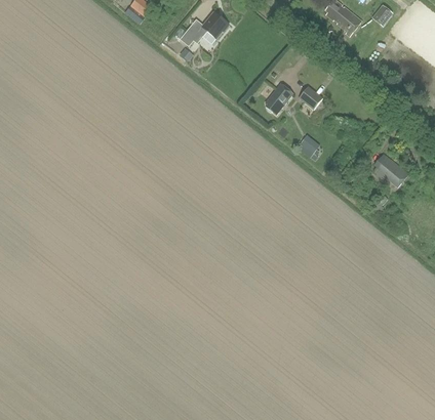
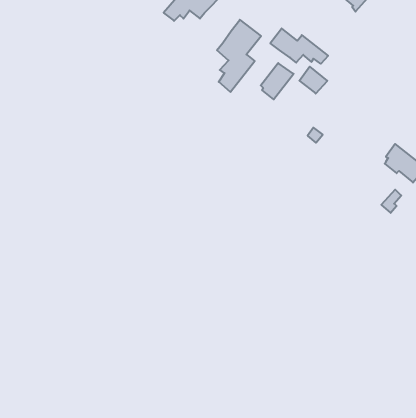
building: none -> [217,20,261,92]
building: none -> [270,28,328,64]

